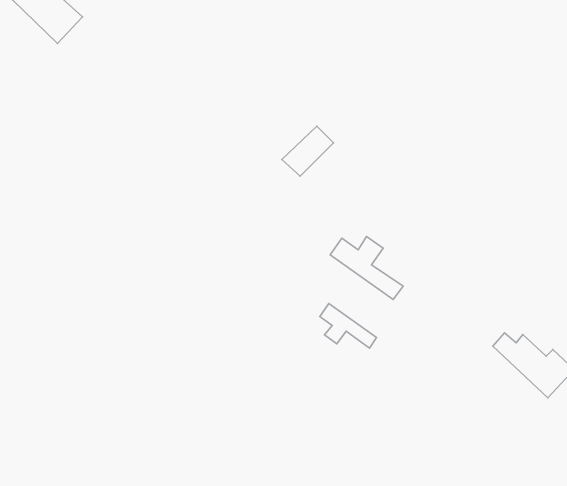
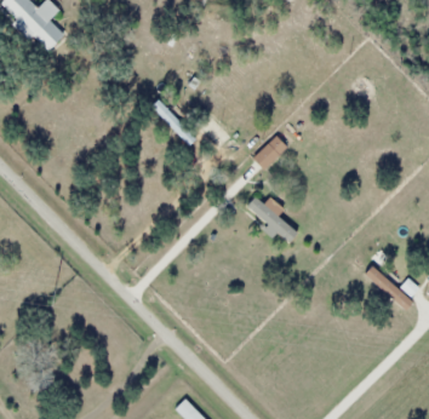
building: [282,126,333,176] -> [252,134,290,171]
building: [320,304,377,348] -> none

